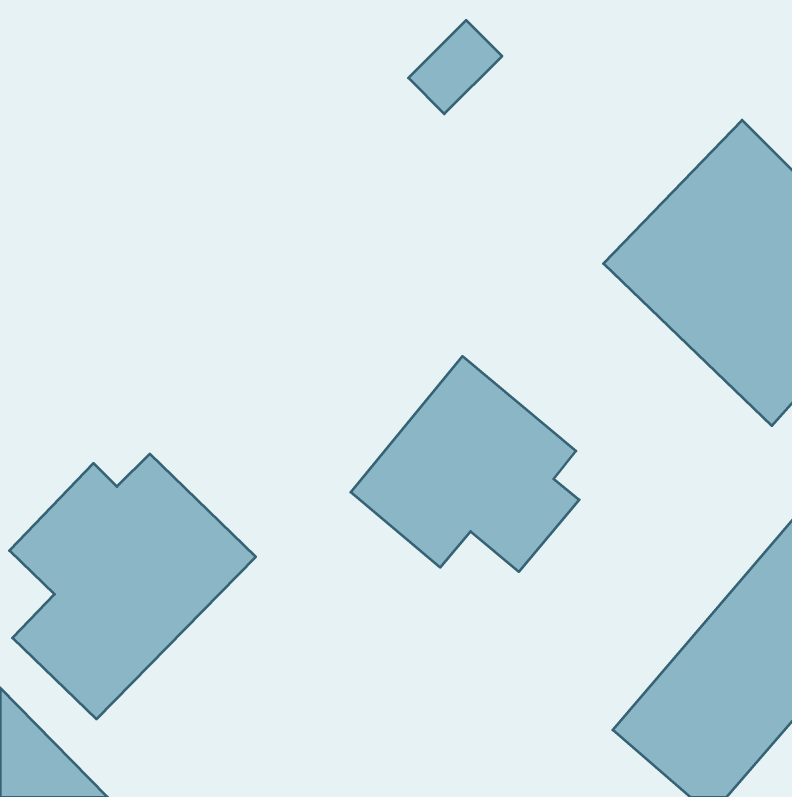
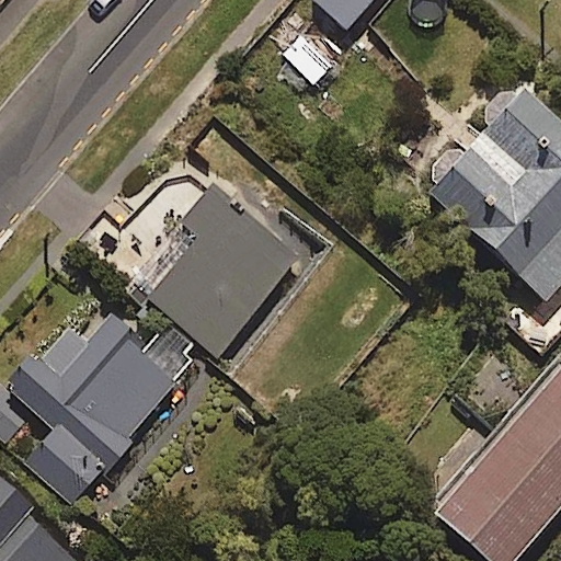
building: none -> [130,185,300,357]
building: [351,356,579,572] -> none

